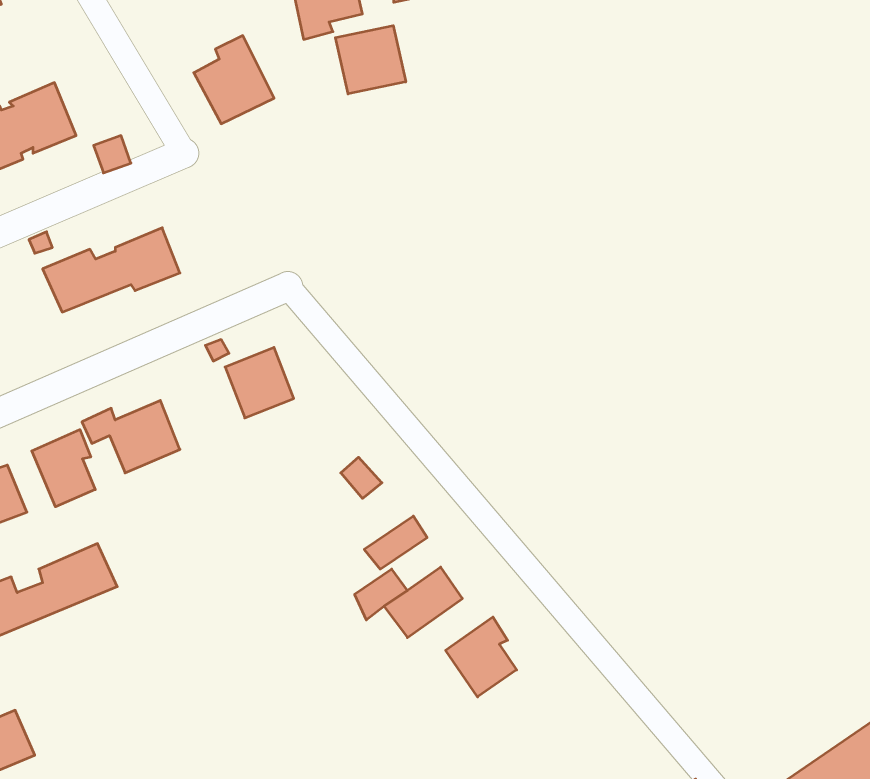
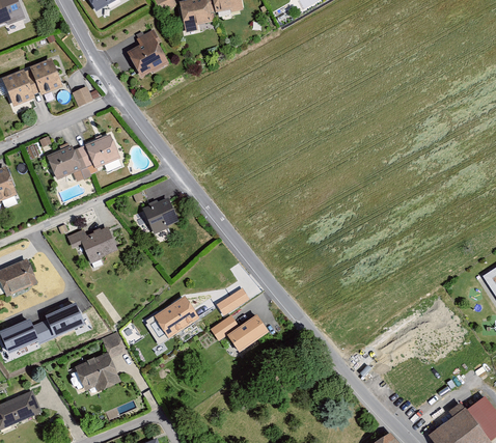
building: [335,26,406,94] -> none
building: [32,430,95,507] -> none
building: none -> [155,296,199,337]
building: none -> [74,332,126,390]
building: [446,617,517,697] -> none

